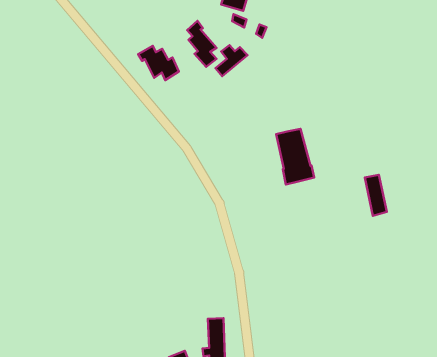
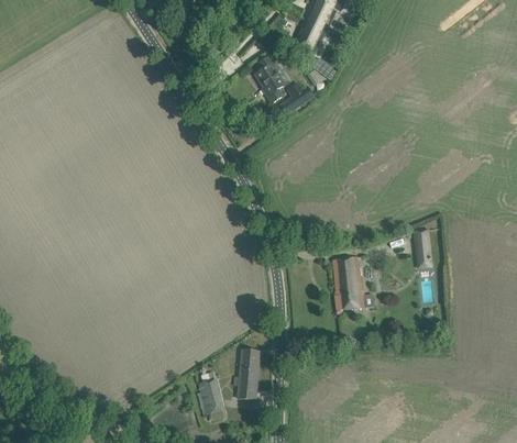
building: [138,46,179,80] -> none
building: [276,129,314,184] -> [332,257,364,310]

